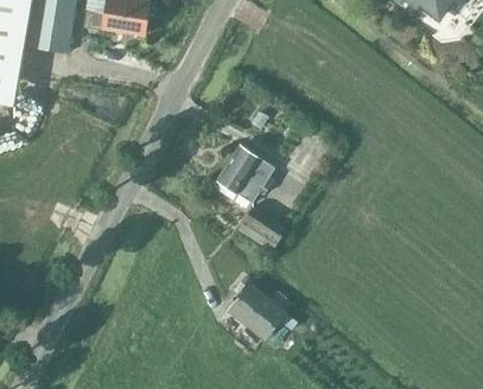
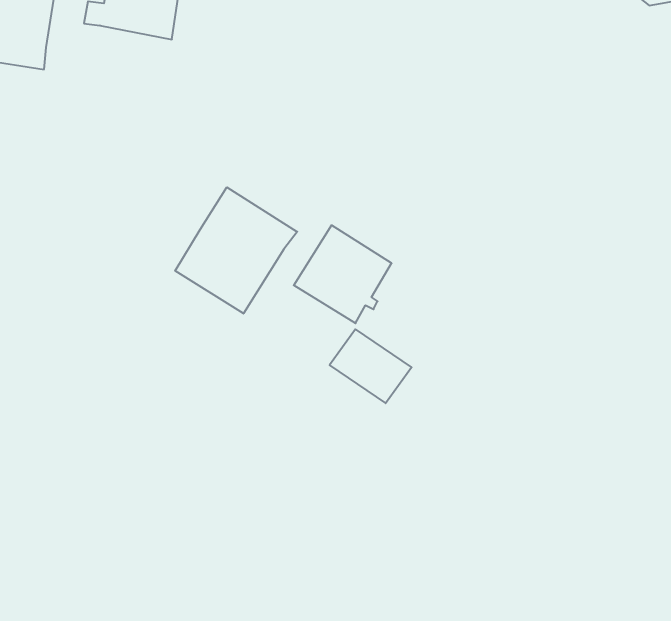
building: none -> [175,187,297,314]
building: [228,281,288,340] -> none

